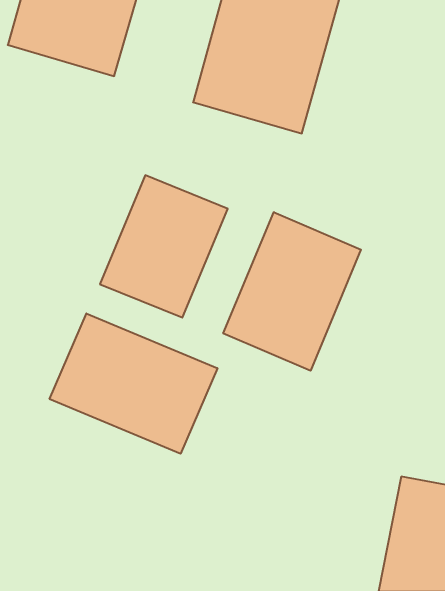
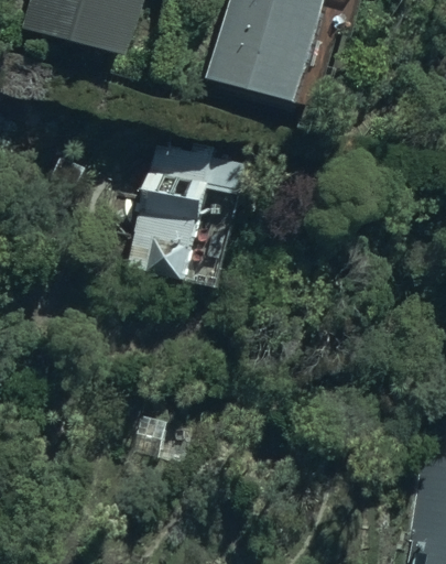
building: [223,212,361,371] -> none
building: [50,313,217,454] -> none

